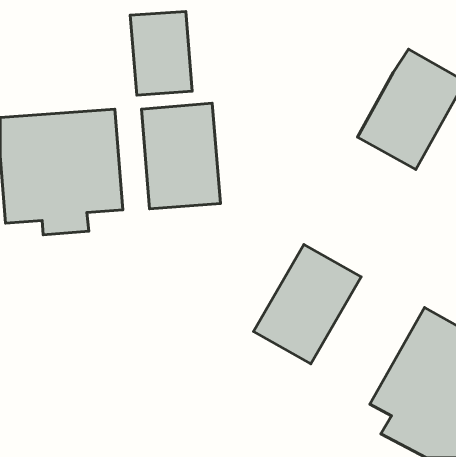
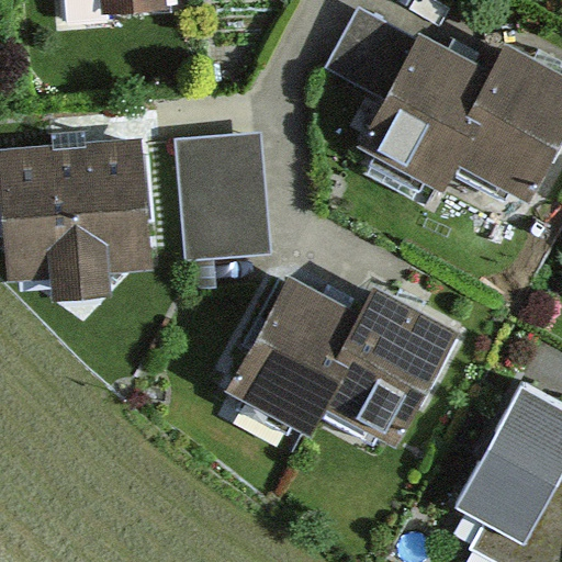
building: [130,11,192,95] -> none
building: none -> [326,19,484,199]
building: none -> [224,290,355,437]

